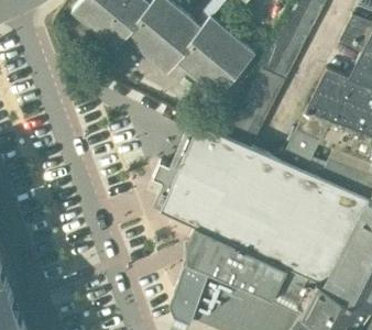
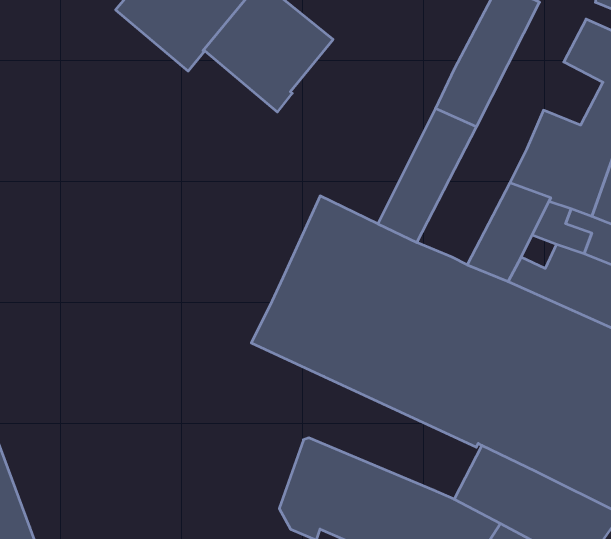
building: [176,18,254,96] -> none
building: [187,228,289,300] -> none

